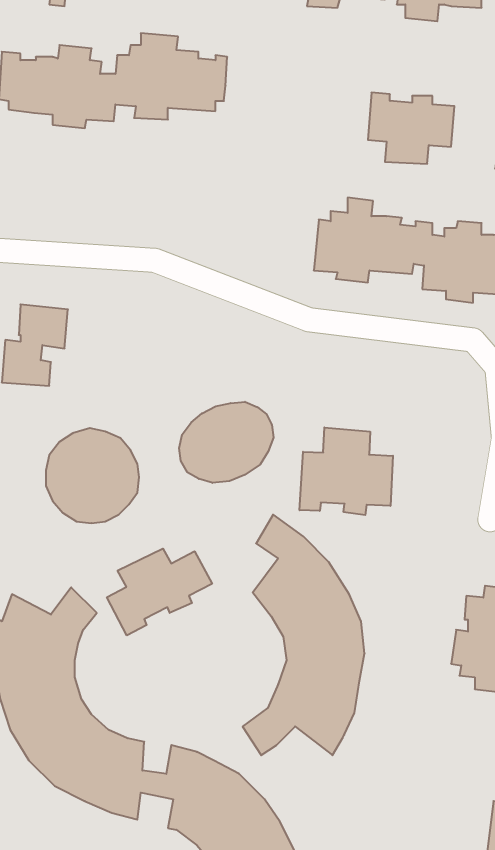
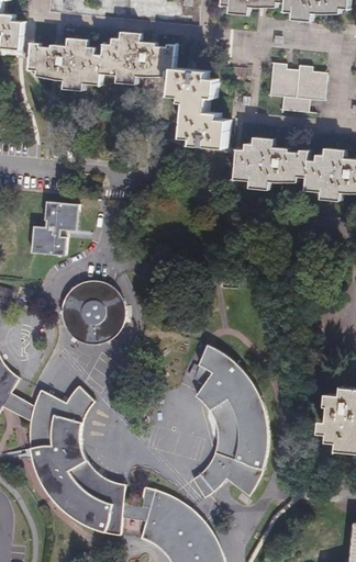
building: none -> [174,61,232,146]
building: [179,402,274,483] -> none
building: [300,427,393,515] -> none
building: [107,549,212,635] -> none

